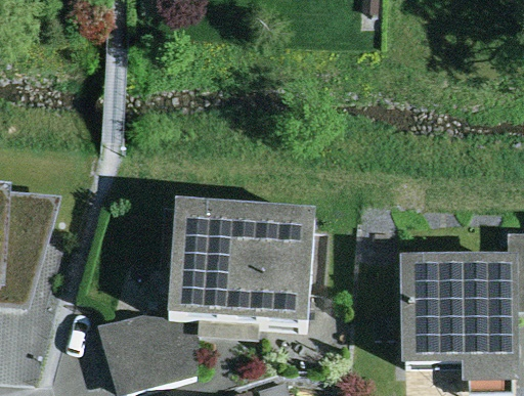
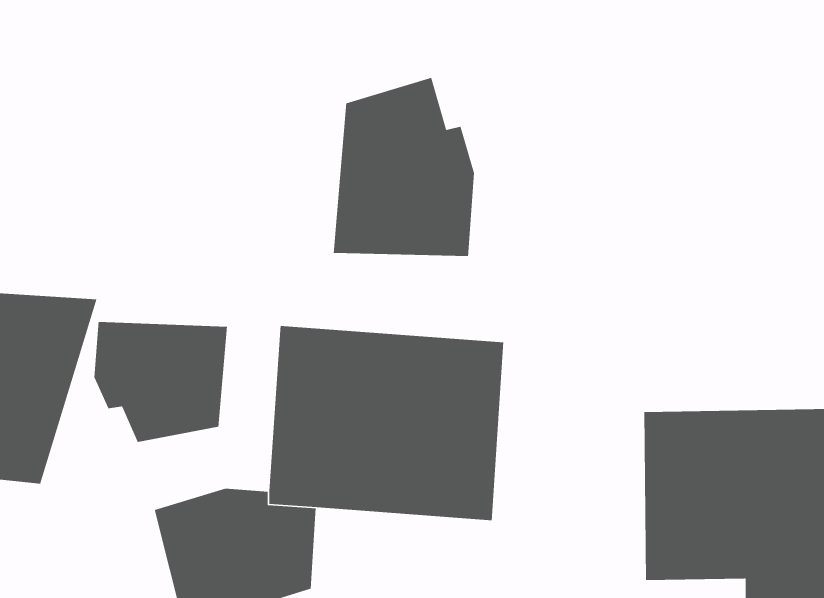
building: none -> [333,77,475,257]
building: none -> [94,321,228,443]

